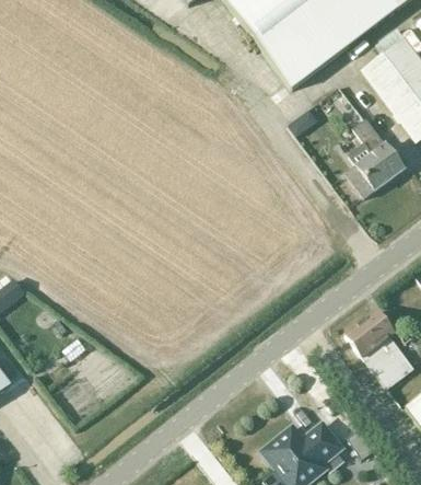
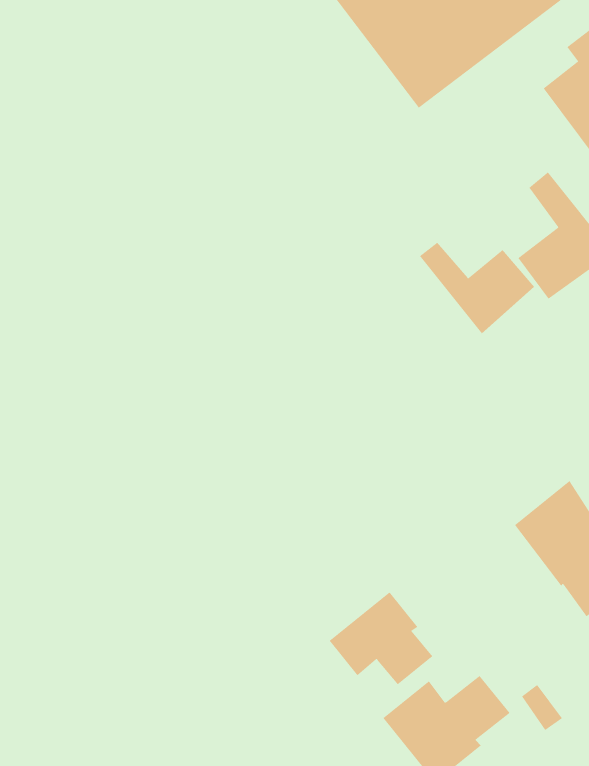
building: none -> [419,242,535,334]
building: none -> [329,591,433,685]

